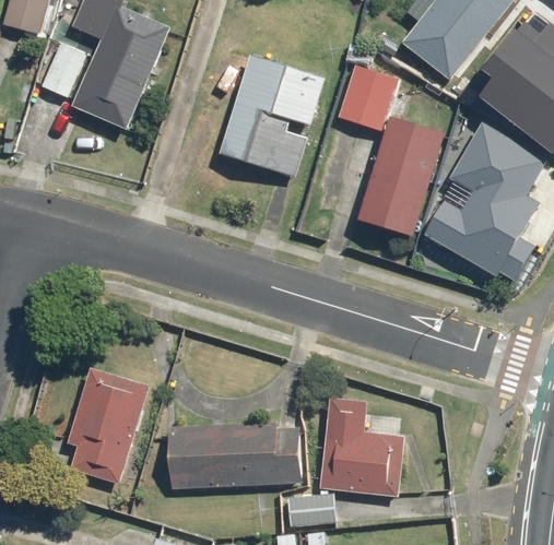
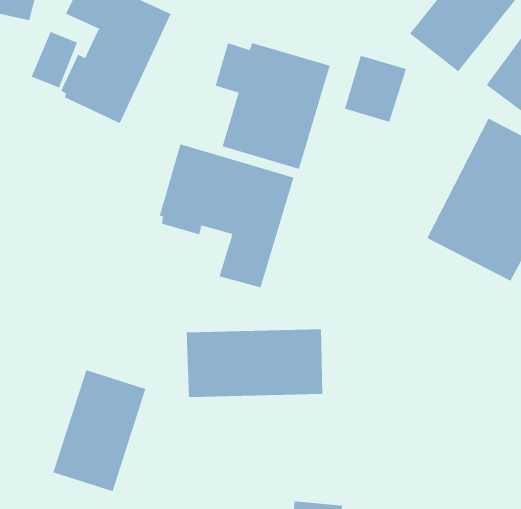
building: [362,115,441,230] -> none
building: none -> [159,144,294,288]
building: [320,395,404,495] -> none
building: [169,422,300,487] -> [186,329,323,397]

